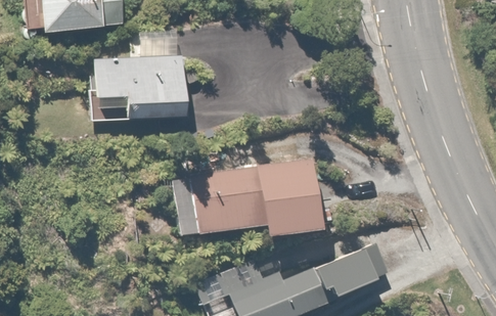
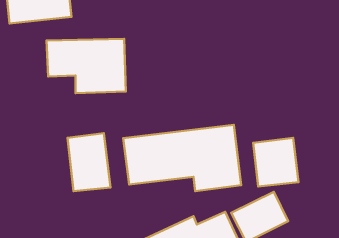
building: none -> [68,133,111,191]
building: none -> [253,138,299,186]

